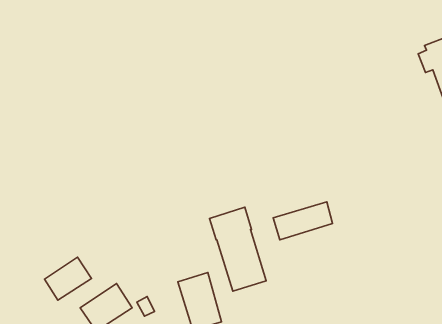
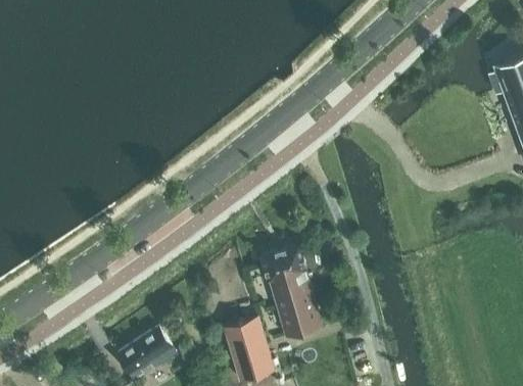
building: [273,202,333,240] -> none
building: [44,257,91,300] -> none

